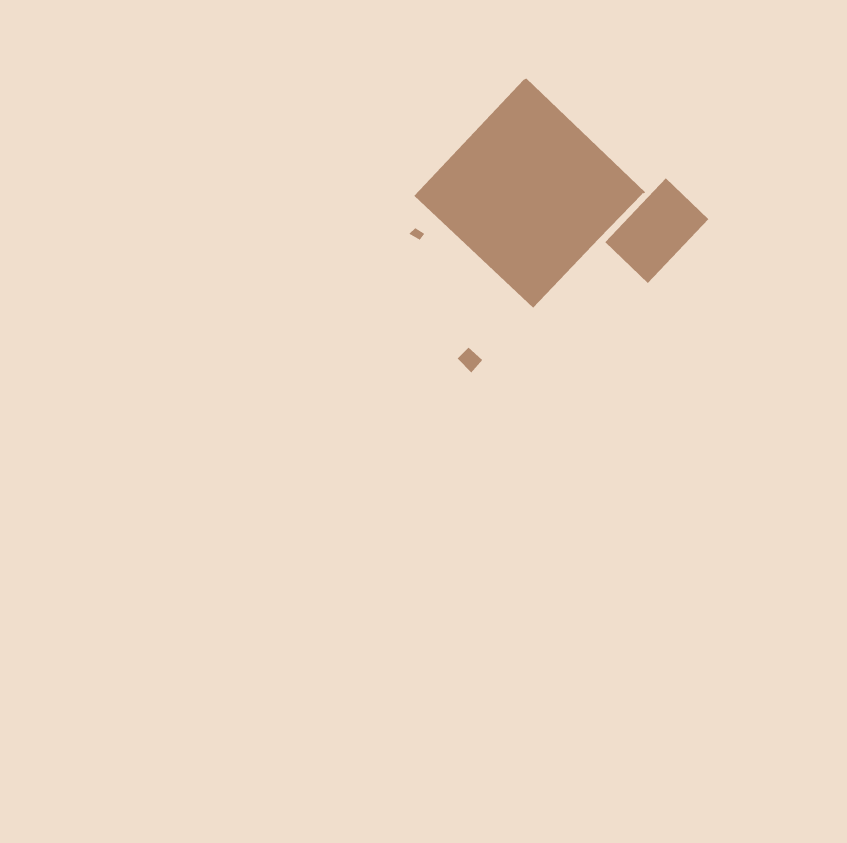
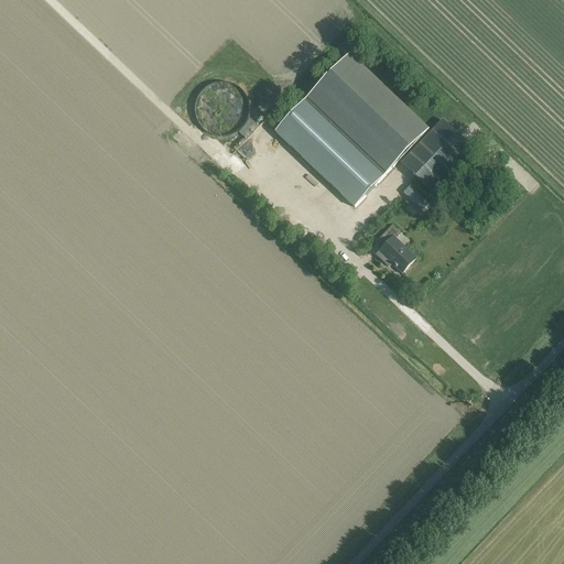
building: none -> [375,223,415,271]

